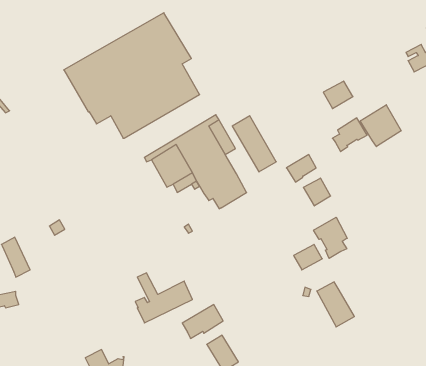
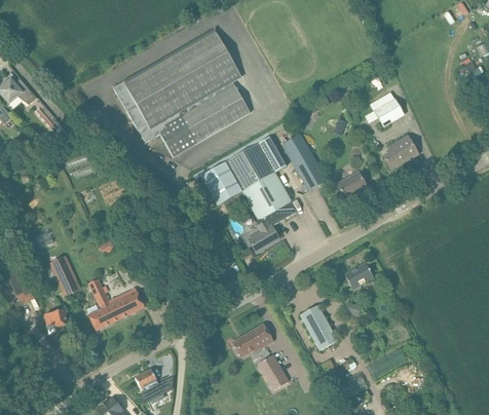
building: [360,105,401,147] -> none
building: [303,178,331,206] -> none
building: none -> [249,216,279,251]
building: [314,217,347,258] -> none
building: [135,273,192,323] -> [86,278,144,329]
building: [317,282,354,327] -> [300,304,338,349]

